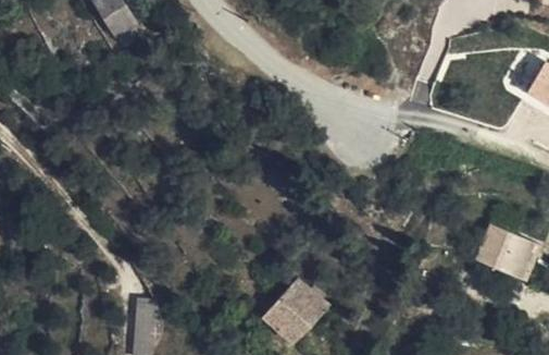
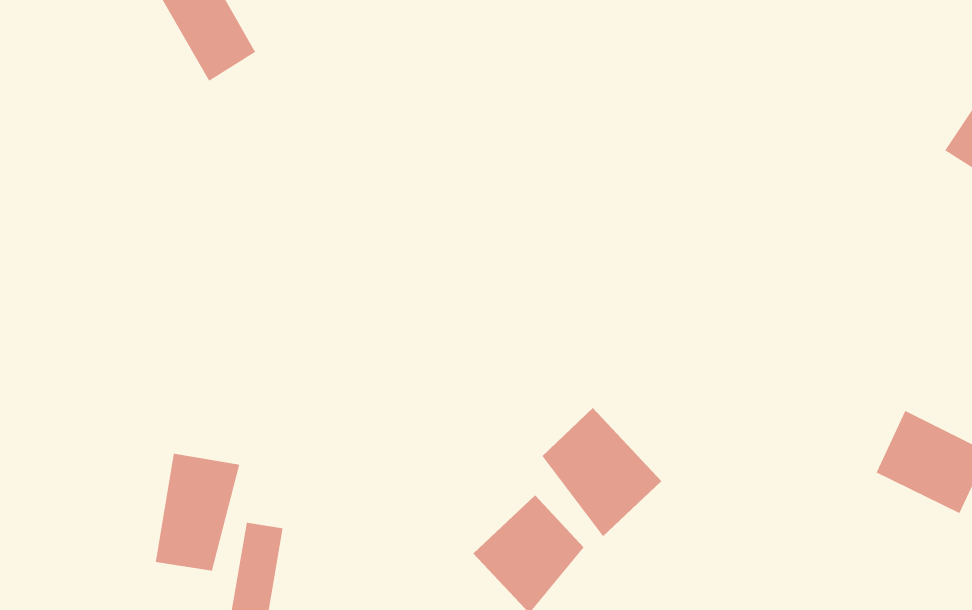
building: none -> [541,407,662,537]
building: none -> [155,453,240,572]

